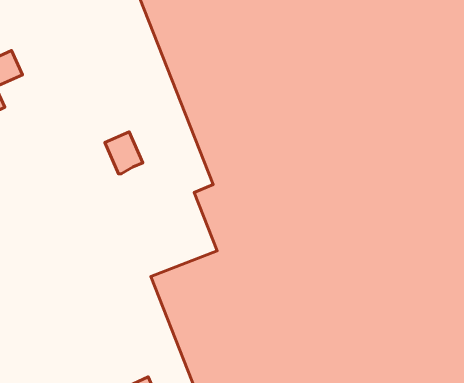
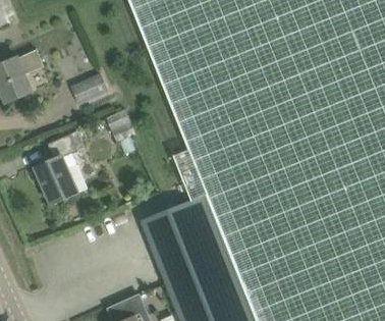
building: none -> [72,73,110,104]
building: none -> [37,135,89,205]

